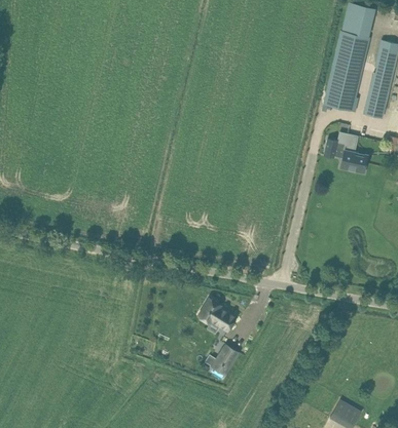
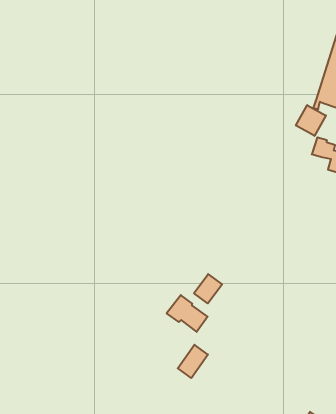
building: none -> [296,105,326,136]
building: none -> [194,274,222,303]

